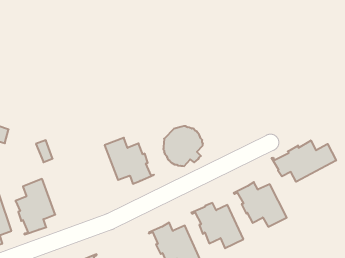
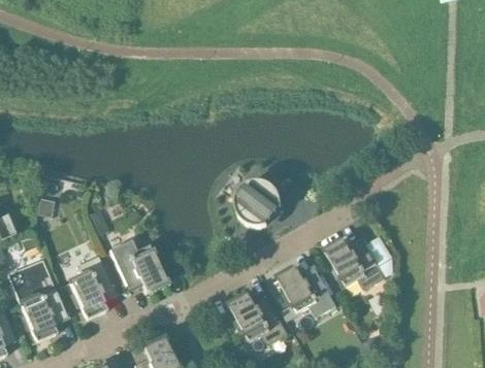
building: [105,138,154,184] -> [109,239,169,292]
building: [272,140,336,182] -> none

